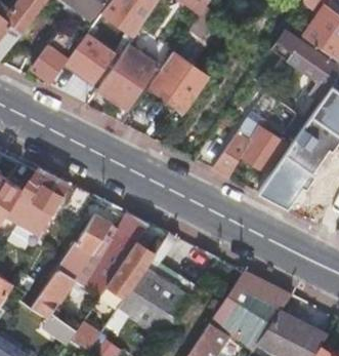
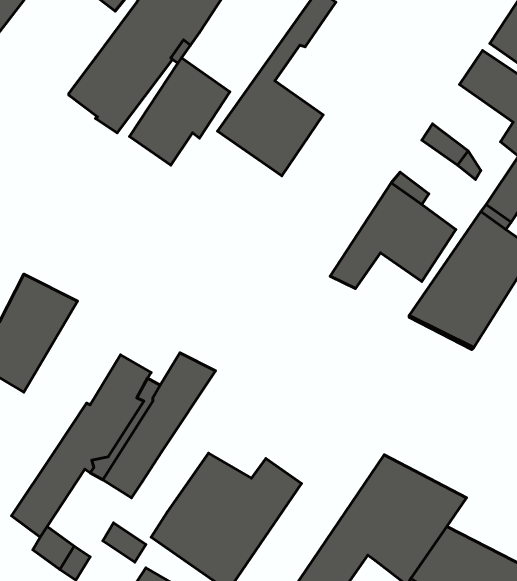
building: [29,29,71,81] -> none
building: [105,224,168,305] -> none

